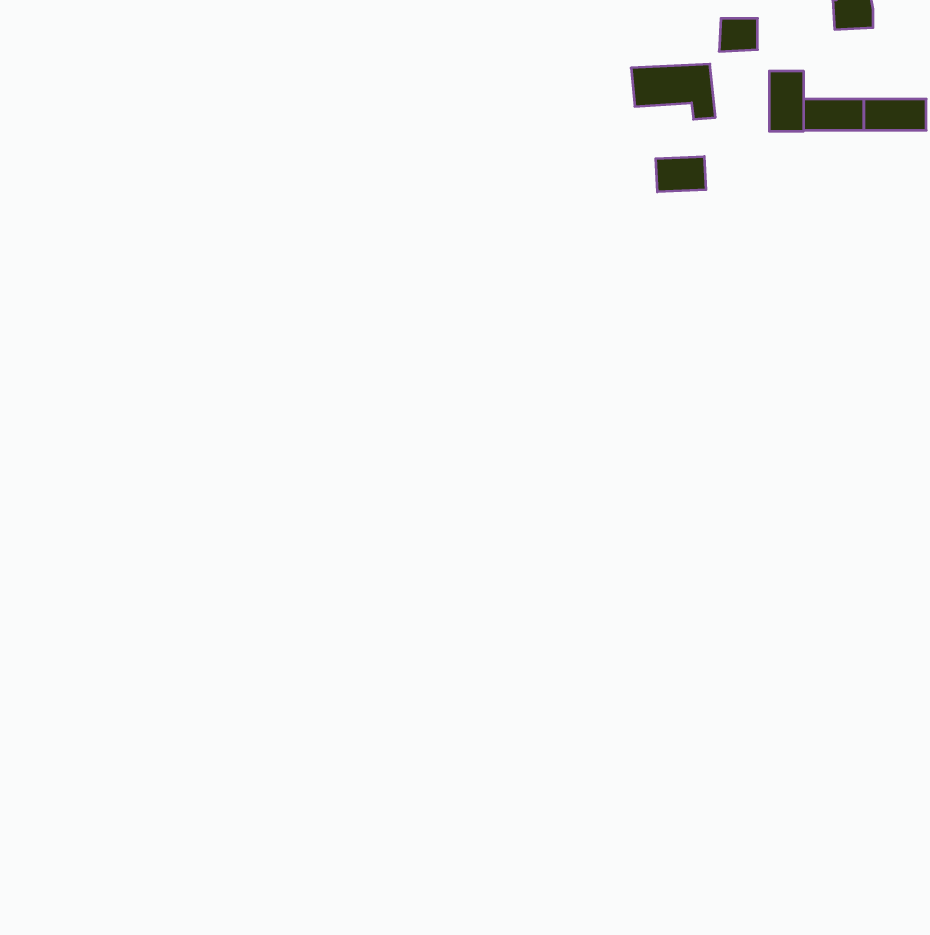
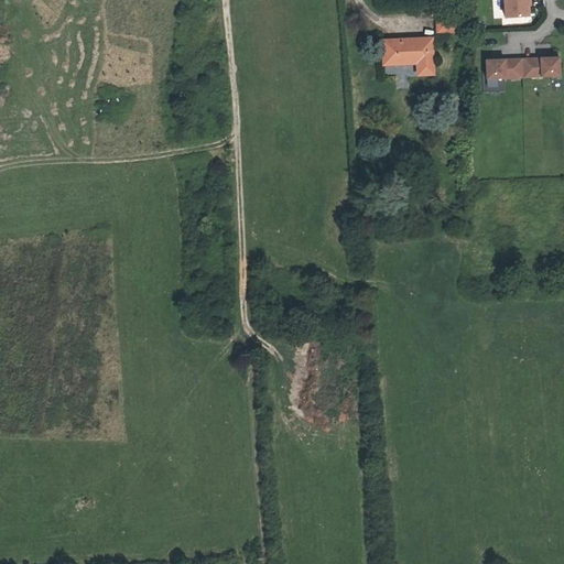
building: [769,71,803,131] -> none
building: [656,156,706,192] -> none

